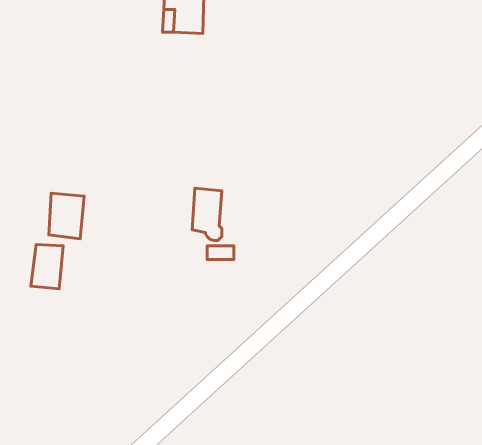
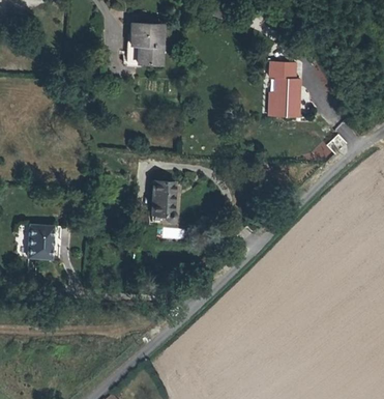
building: none -> [267,63,299,115]
building: [49,193,84,239] -> none

